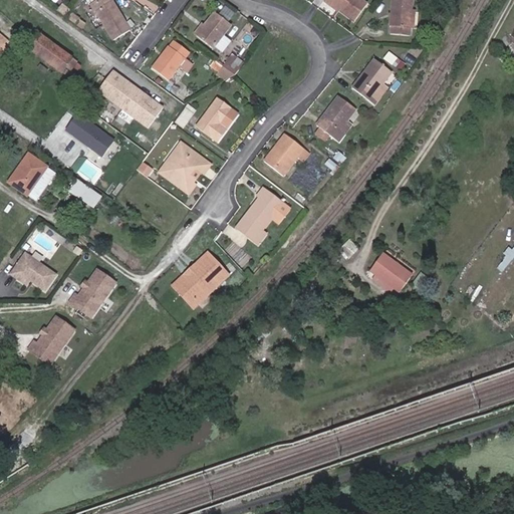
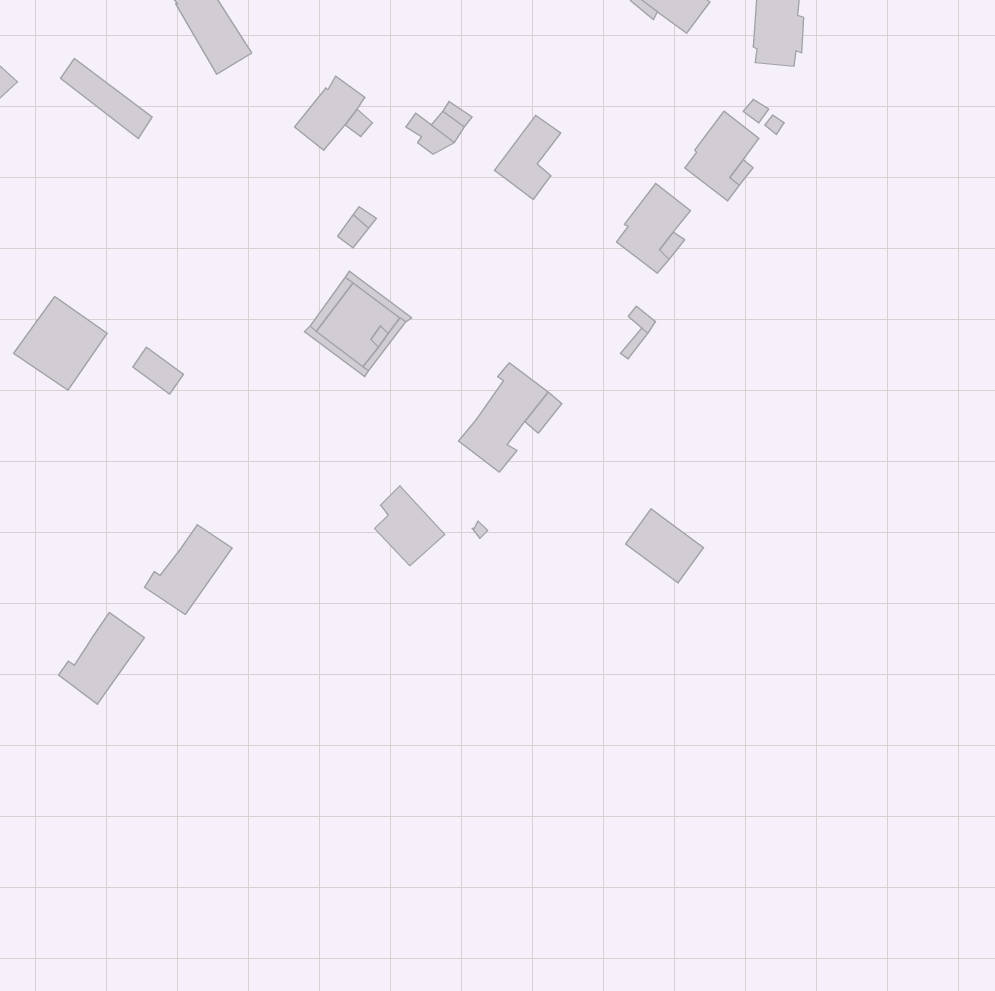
building: [194,11,230,46] -> none
building: [96,69,162,126] -> none
building: [196,97,230,141] -> [494,115,561,199]
building: [64,112,112,155] -> none
building: [262,132,309,176] -> none
building: [10,251,55,288] -> none
building: [369,253,410,291] -> [626,509,704,583]
building: [169,272,211,309] -> none

